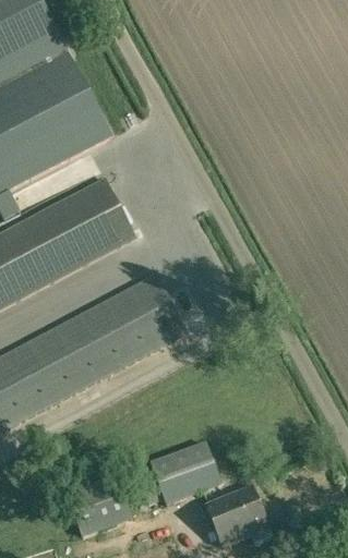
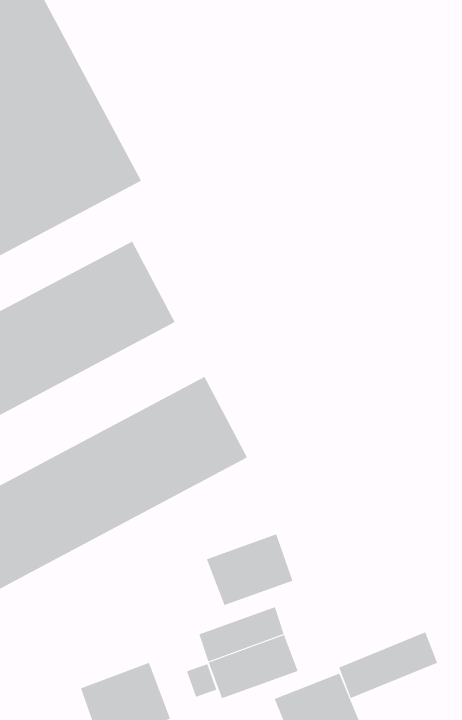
building: none -> [206,533,293,606]
building: none -> [338,631,438,699]

